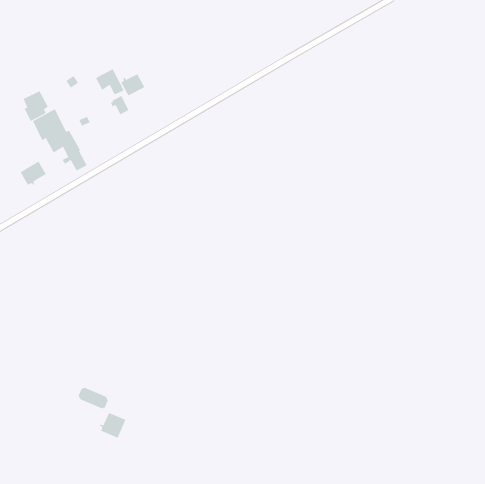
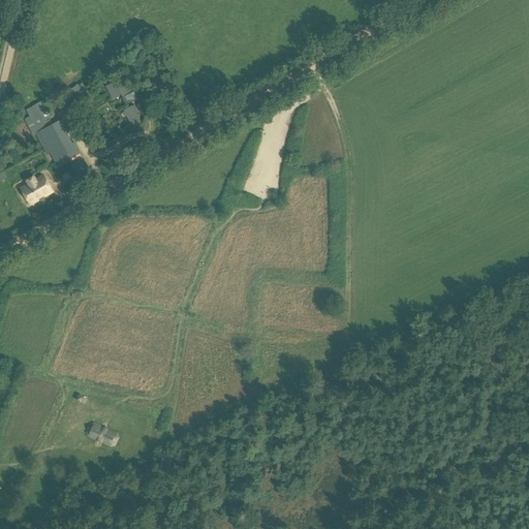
building: [120,73,145,96] -> none
building: [99,412,126,438] -> none

